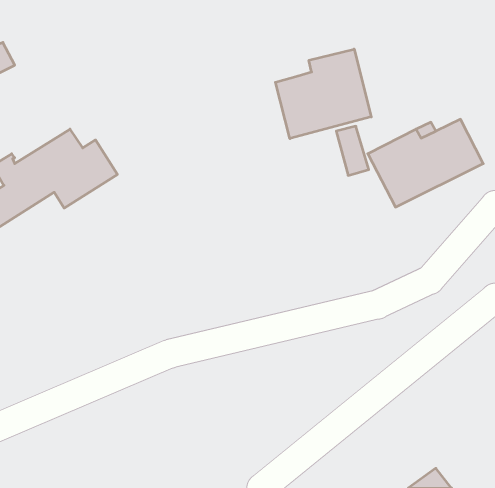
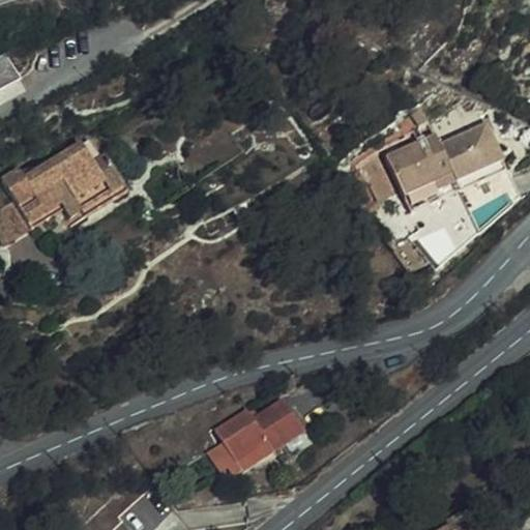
building: [275,49,371,139] -> none
building: none -> [211,405,302,474]

